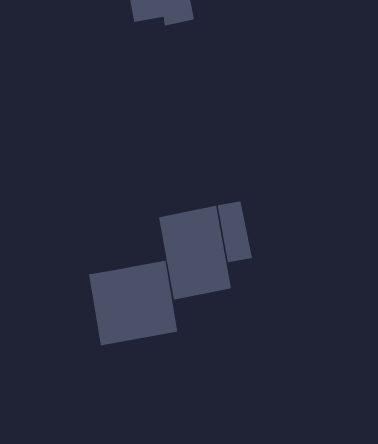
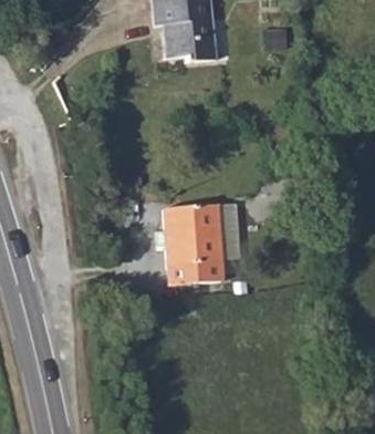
building: [88,260,178,346] -> none

